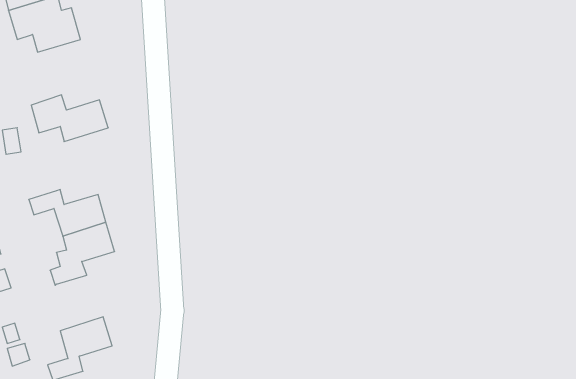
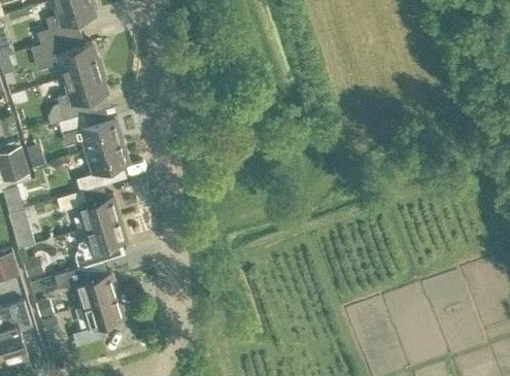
building: none -> [47,69,107,126]
building: none -> [76,141,129,193]
building: none -> [55,269,117,307]

